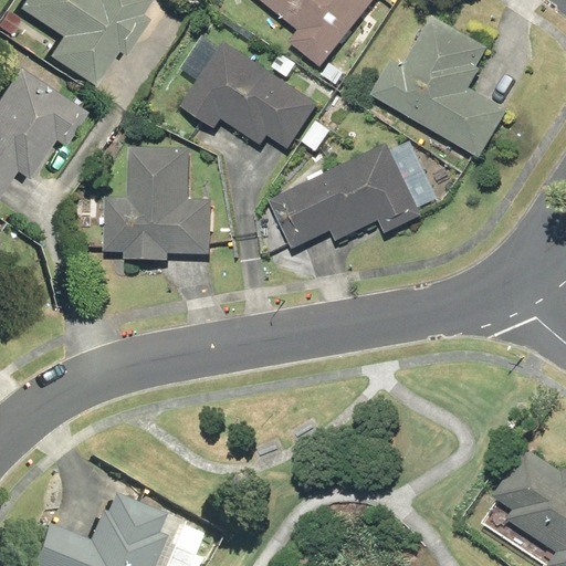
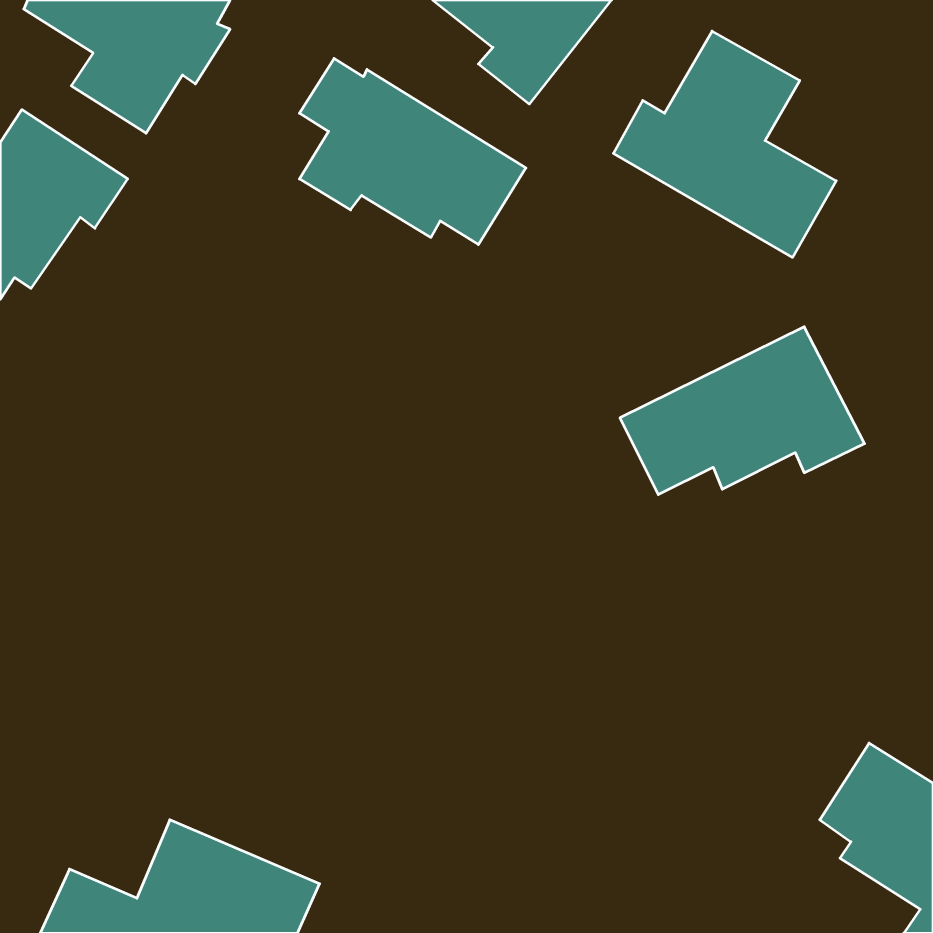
building: [273,144,421,245] -> [620,327,865,495]
building: [105,149,209,261] -> none

